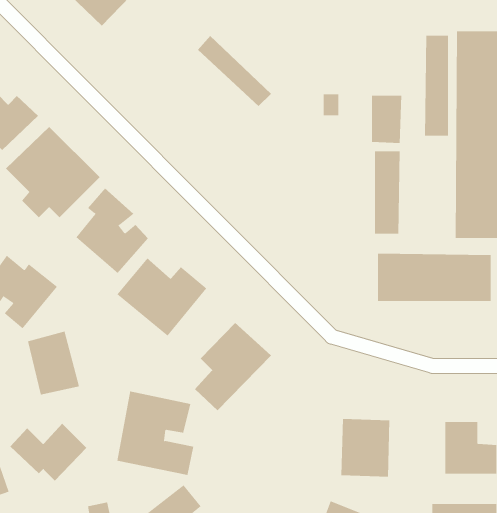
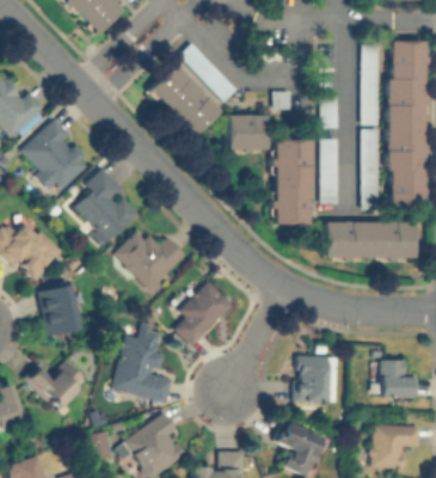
building: none -> [145,65,219,136]
building: none -> [228,115,266,153]
building: none -> [362,130,381,210]
building: none -> [275,141,314,223]

